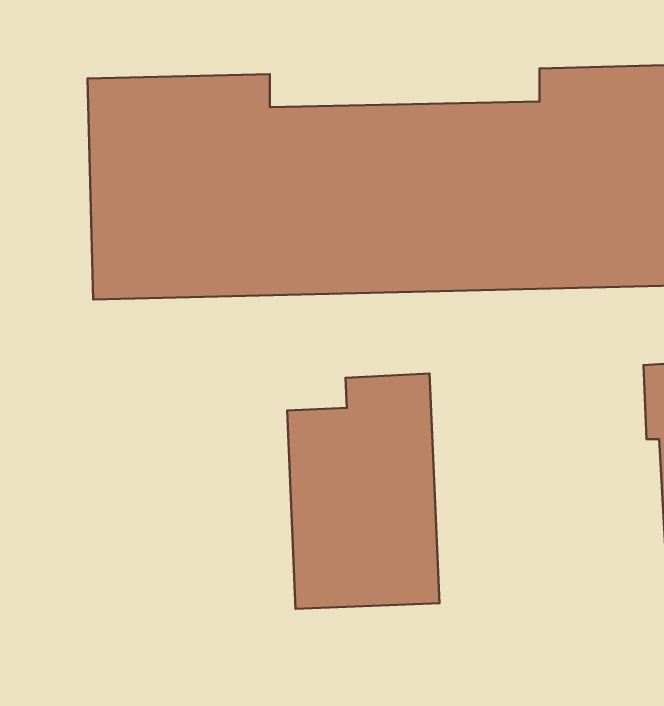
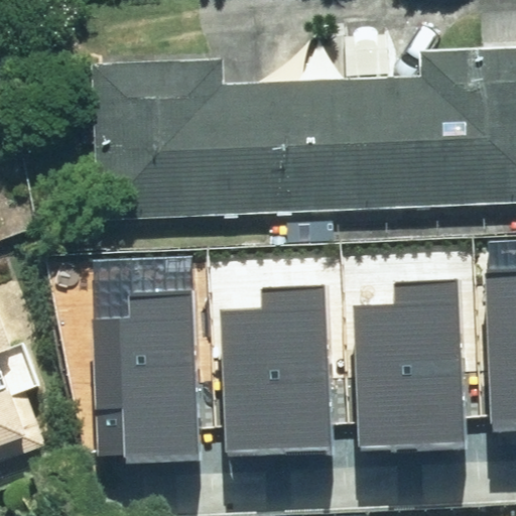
building: none -> [355,264,467,435]
building: none -> [97,278,198,442]

